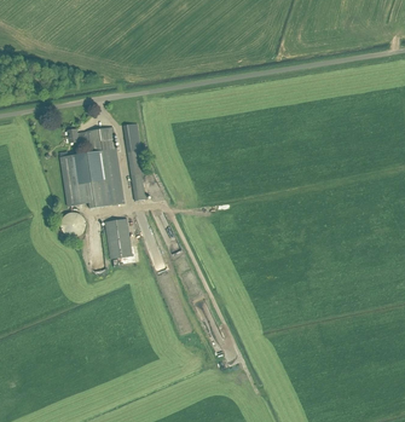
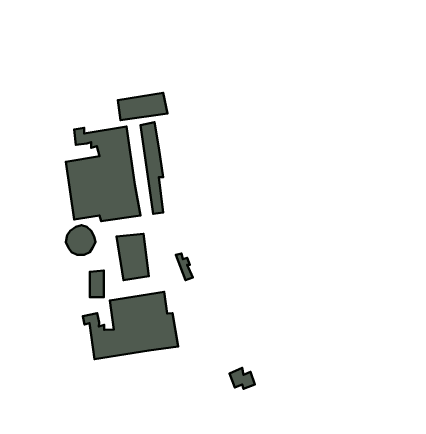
building: none -> [118,93,168,120]
building: none -> [83,292,178,359]

